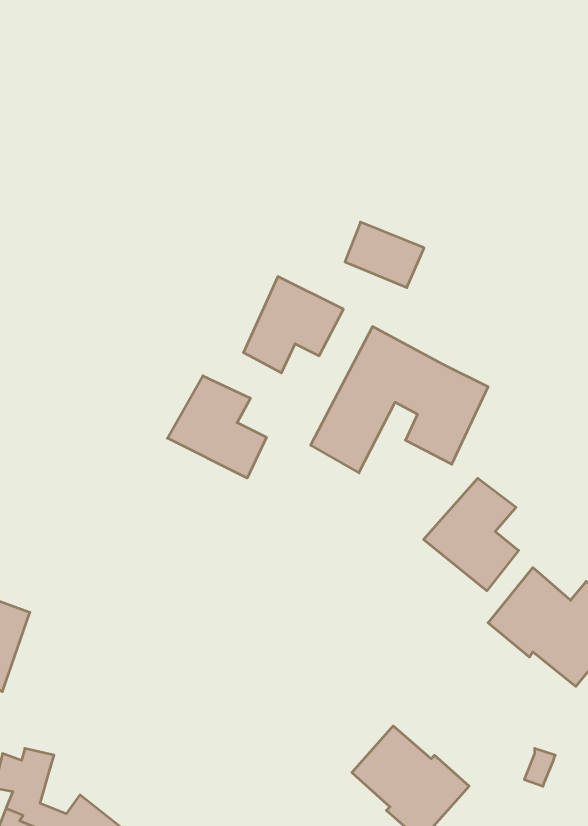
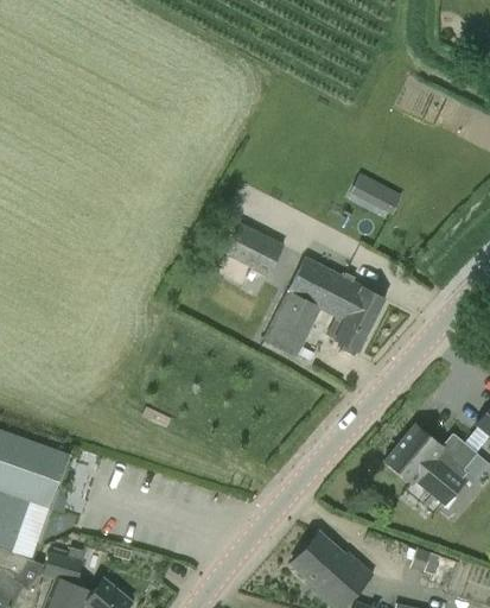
building: [345,222,424,288] -> [348,173,402,218]
building: [167,376,266,478] -> none
building: [424,478,519,591] -> none

